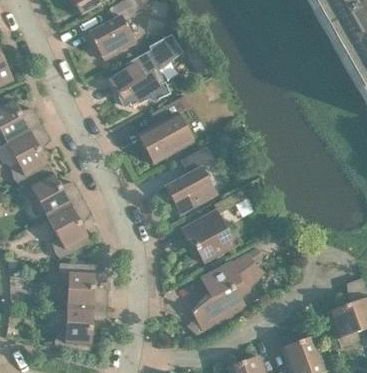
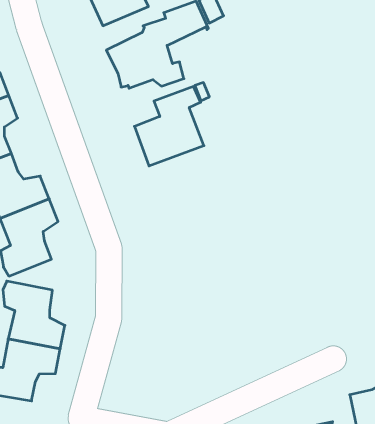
building: [165,145,217,215] -> none
building: [180,208,235,261] -> none
building: [187,247,263,333] -> none

